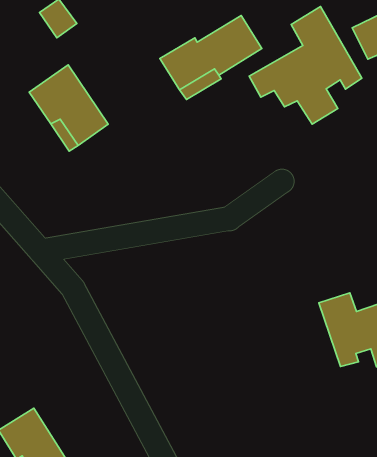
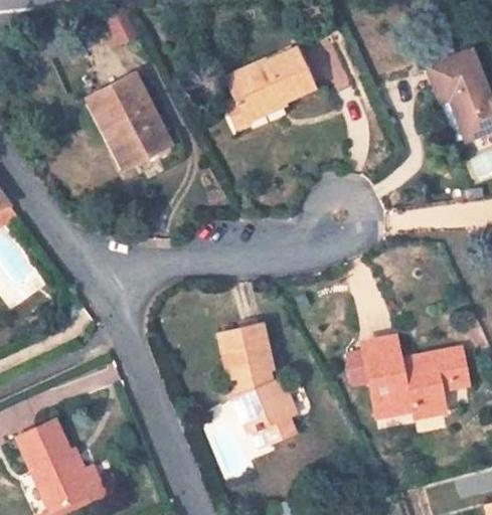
building: [249,7,362,124] -> none
building: none -> [221,324,296,442]

